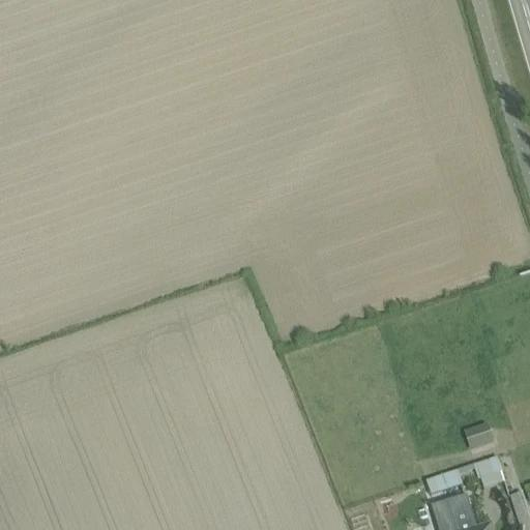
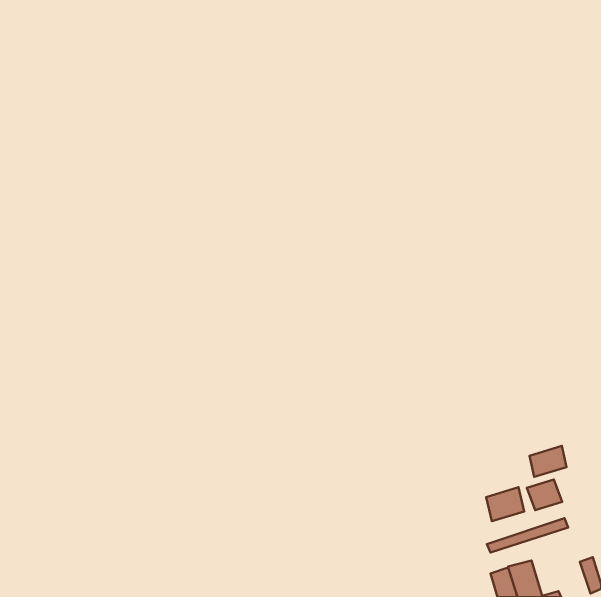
building: none -> [529,446,566,477]
building: none -> [486,487,524,521]

